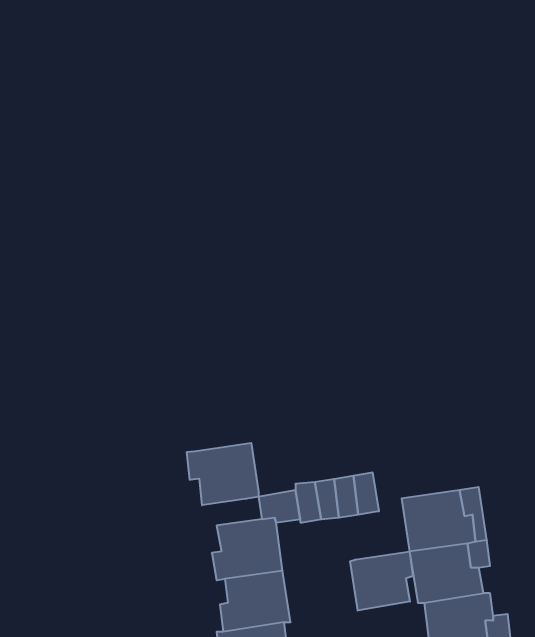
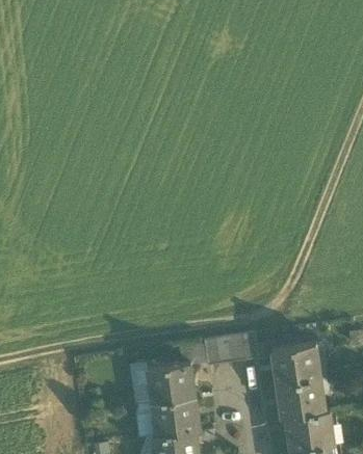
building: [187,443,259,505] -> none
building: [350,551,413,611] -> none

